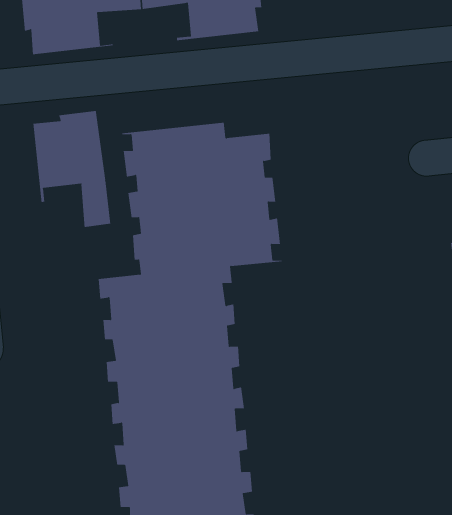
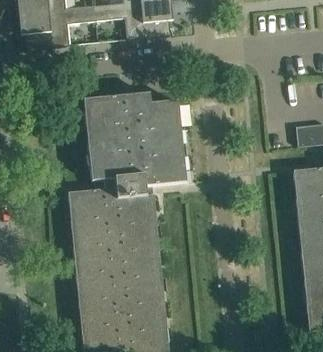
building: [33,110,111,228] -> none

